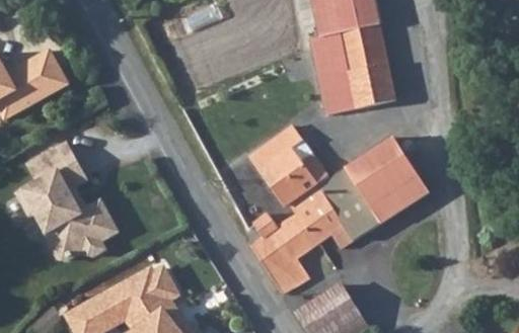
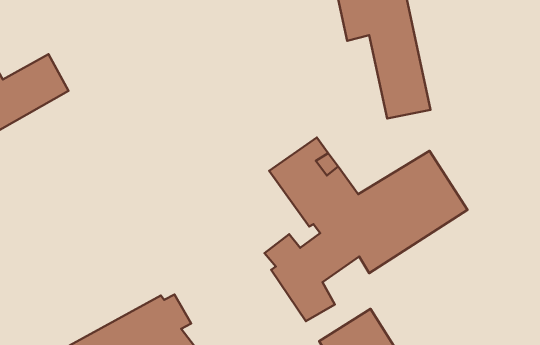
building: [310,32,356,114] -> none
building: [18,144,115,259] -> none

